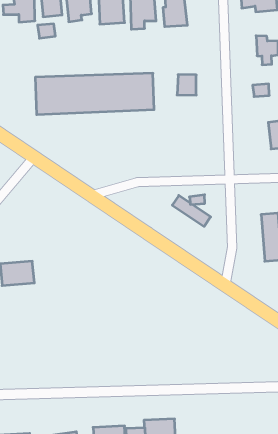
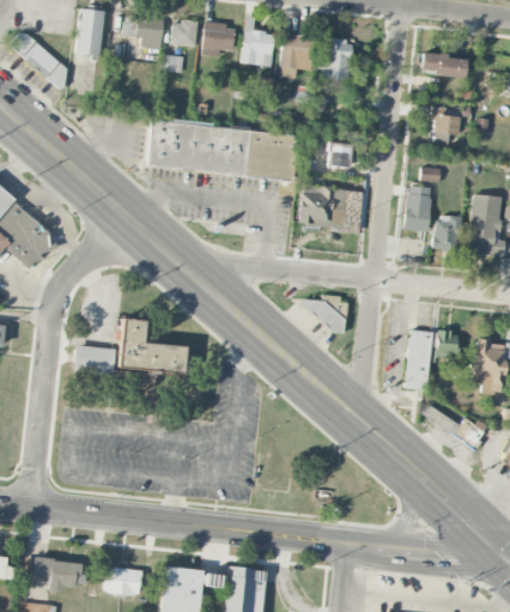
building: none -> [405,187,430,231]
building: none -> [298,184,364,232]
building: none -> [117,319,186,374]

